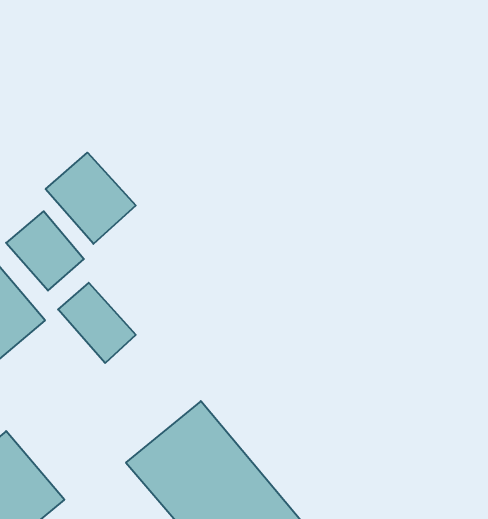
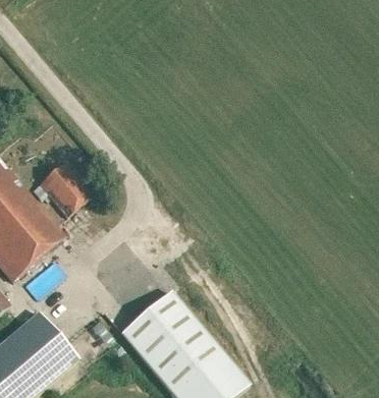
building: [46,153,136,244] -> none
building: [58,283,136,363] -> none

